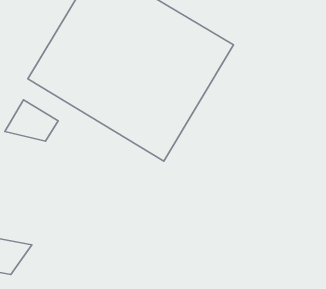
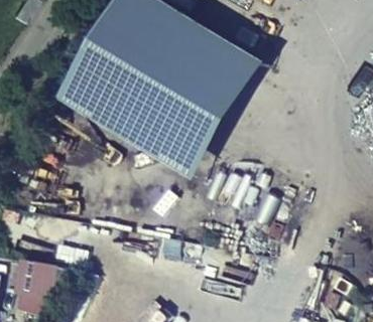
building: [5,100,58,141] -> none

